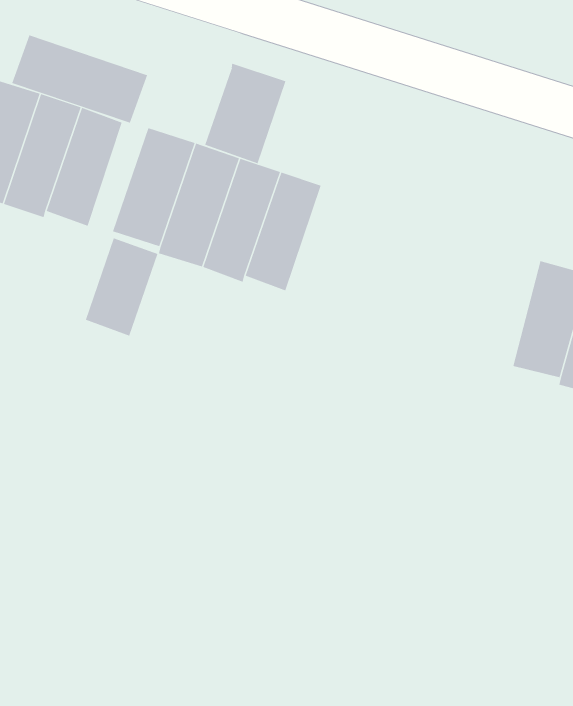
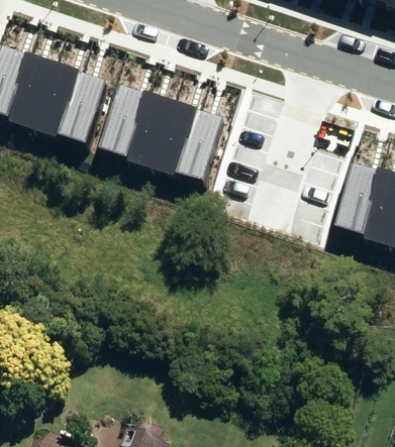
building: [11,35,148,124] -> none
building: [205,63,286,164] -> none
building: [85,237,158,336] -> none

